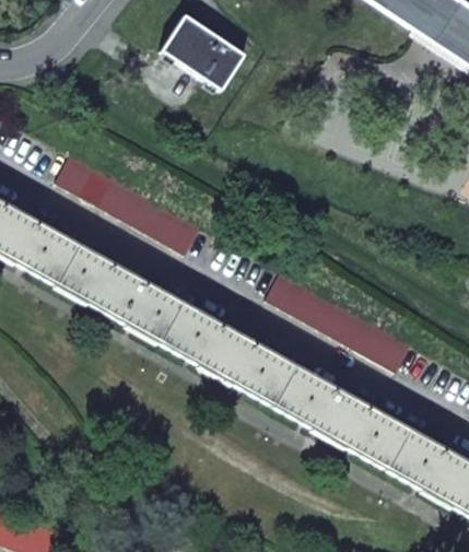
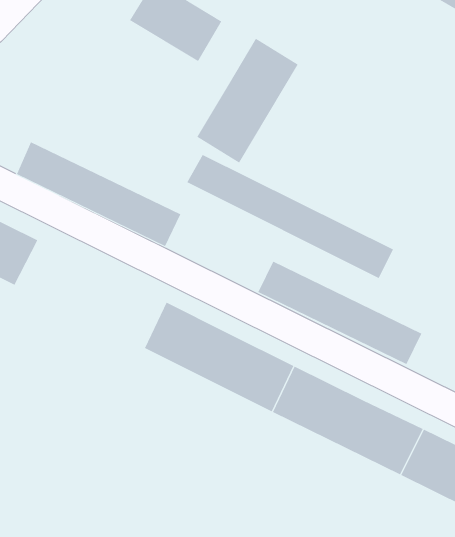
building: none -> [196,38,299,164]
building: none -> [186,154,394,279]
building: [48,242,183,343] -> none

